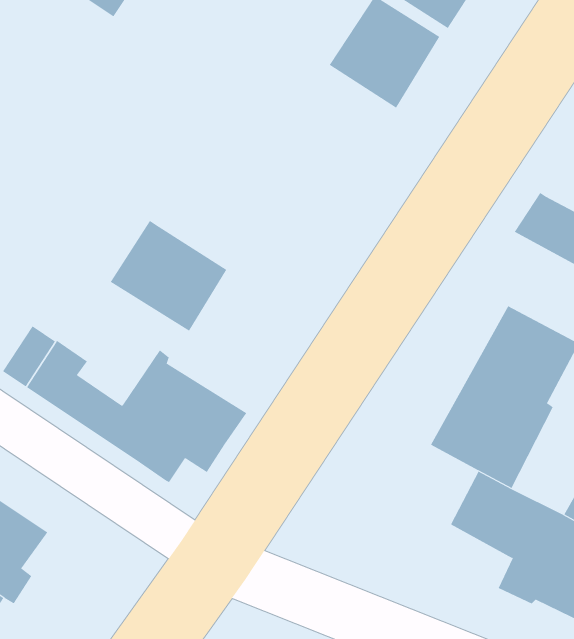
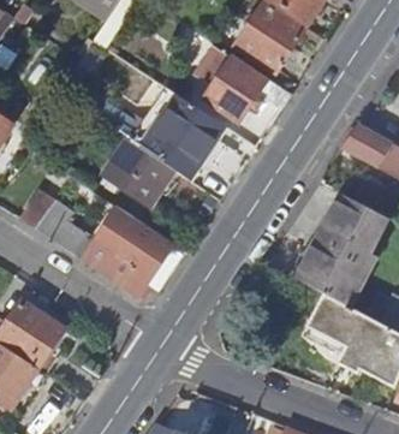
building: none -> [192,47,291,121]
building: none -> [130,88,224,180]

